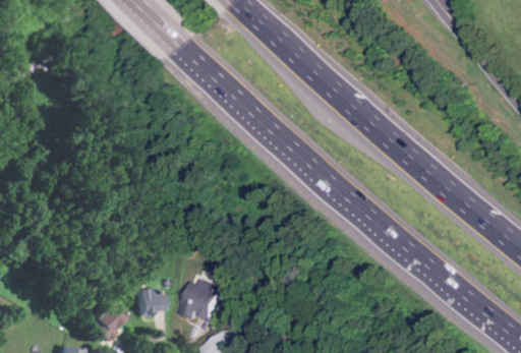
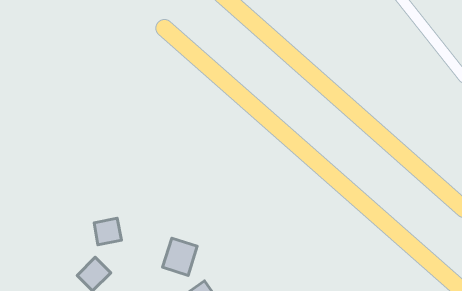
building: [136,286,167,315] -> [94,218,122,245]

